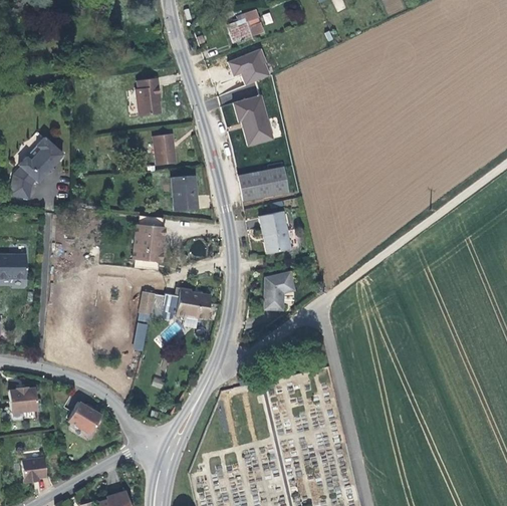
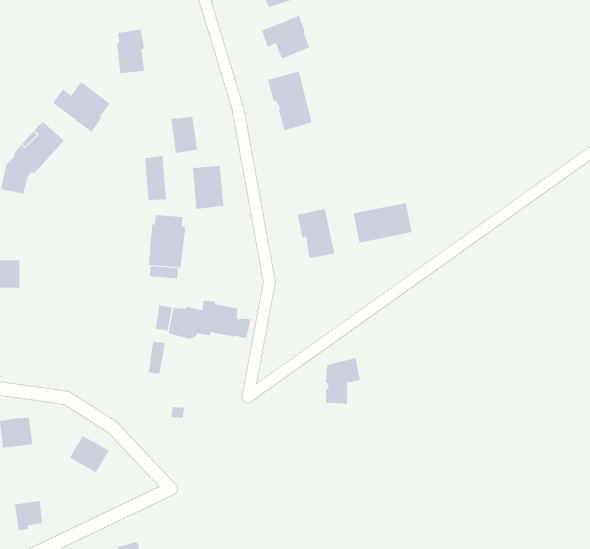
building: [137,78,161,115] -> [116,29,145,73]
building: none -> [52,81,110,133]
building: none -> [144,155,167,201]
building: [238,167,288,201] -> [353,202,412,243]
building: [264,271,294,310] -> [325,358,361,404]

